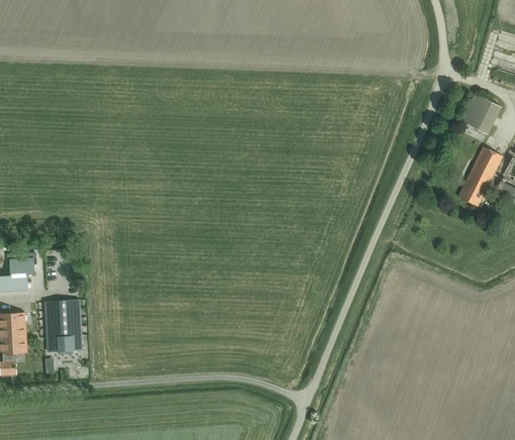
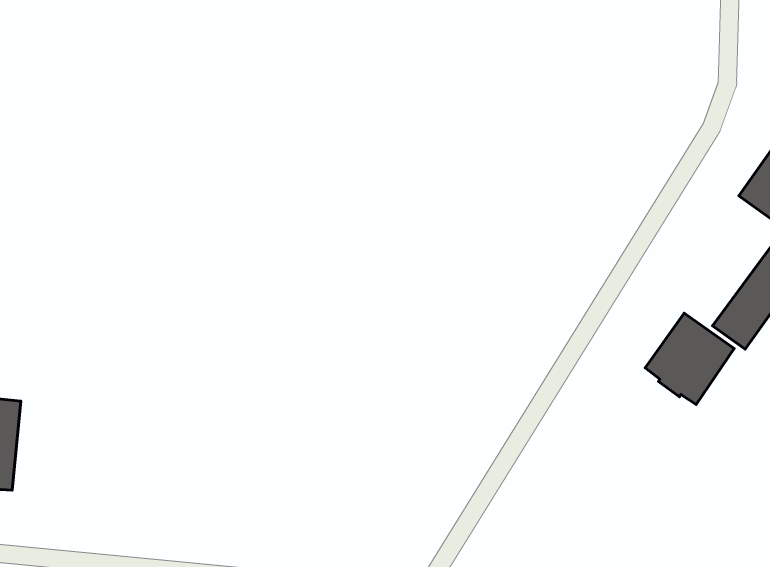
building: none -> [645,313,734,405]

